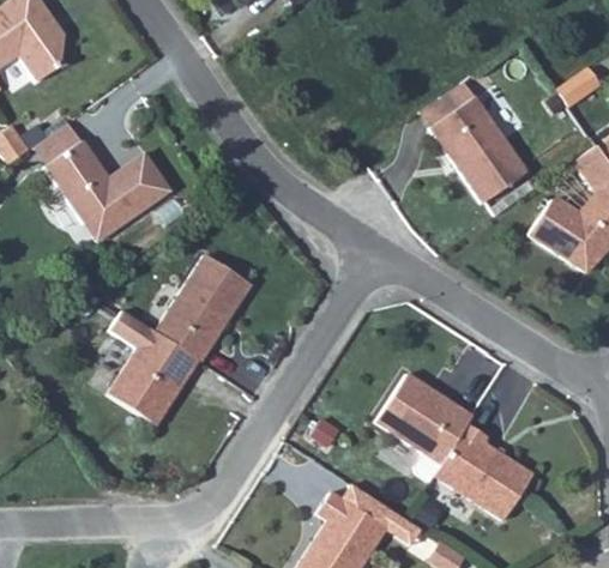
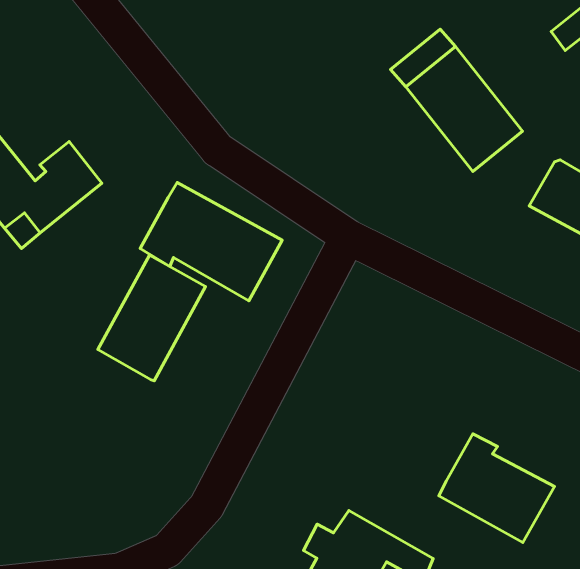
building: none -> [140,182,282,301]
building: [108,310,199,424] -> none
building: [376,373,474,481] -> none

